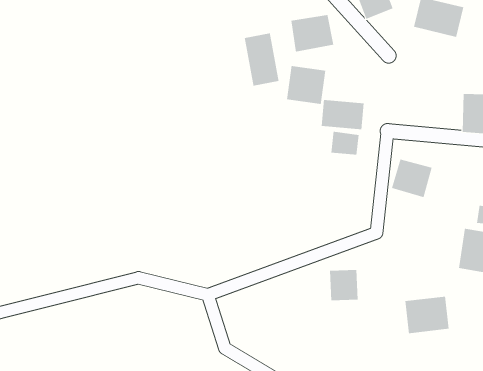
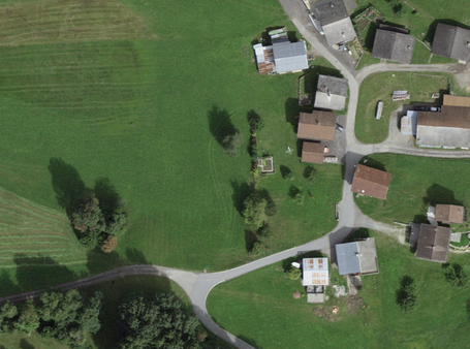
building: [244,33,279,87] -> none
building: [286,66,326,104] -> [311,76,345,109]
building: [404,296,449,334] -> [336,241,374,273]

